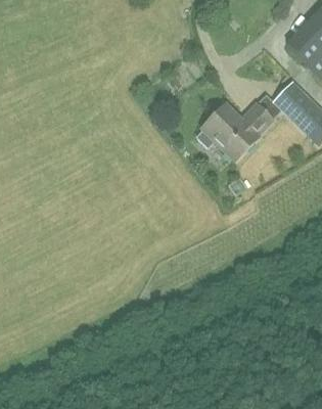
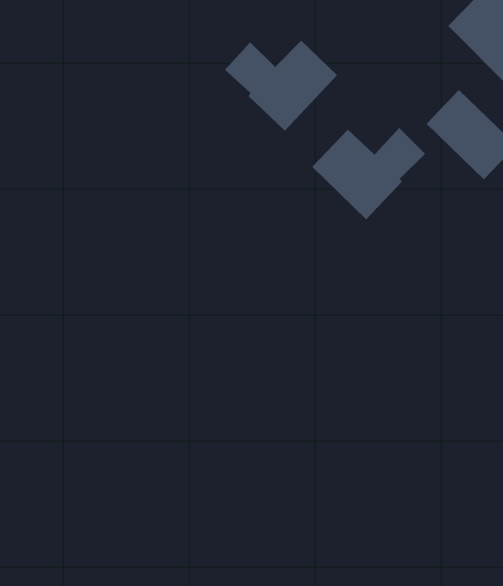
building: none -> [224,40,338,131]

